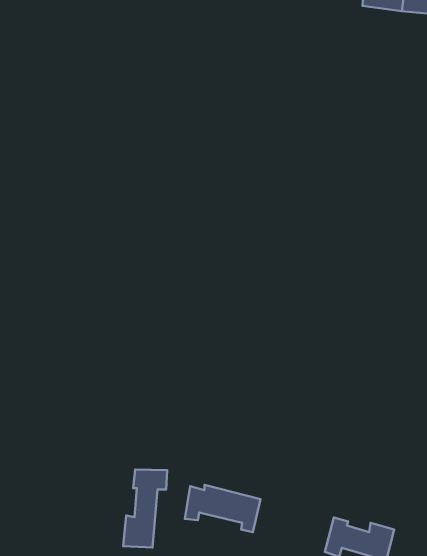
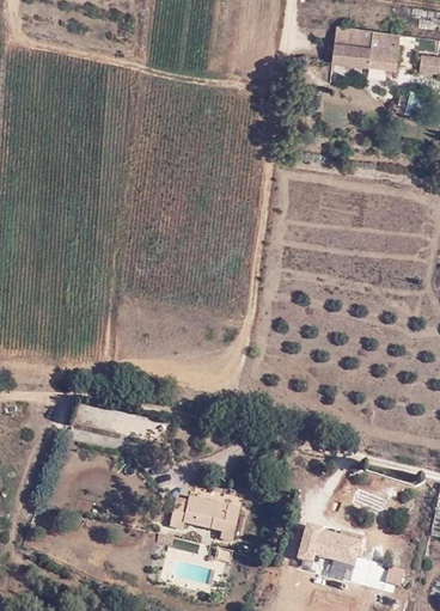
building: [123,470,167,548] -> none

